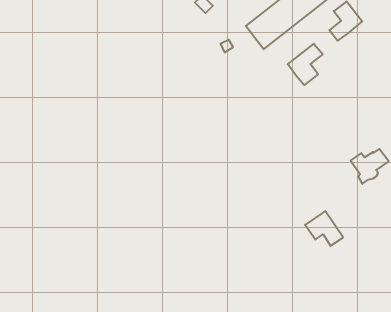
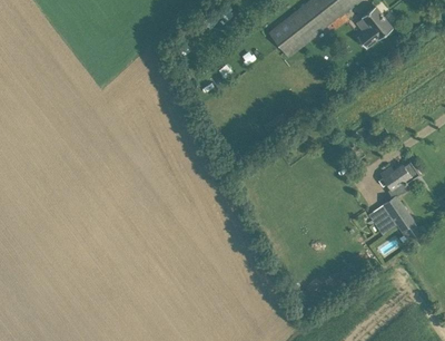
building: [288,44,323,85] -> none
building: [305,211,343,246] -> [375,195,415,232]

